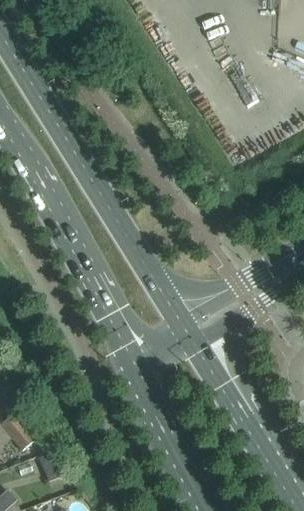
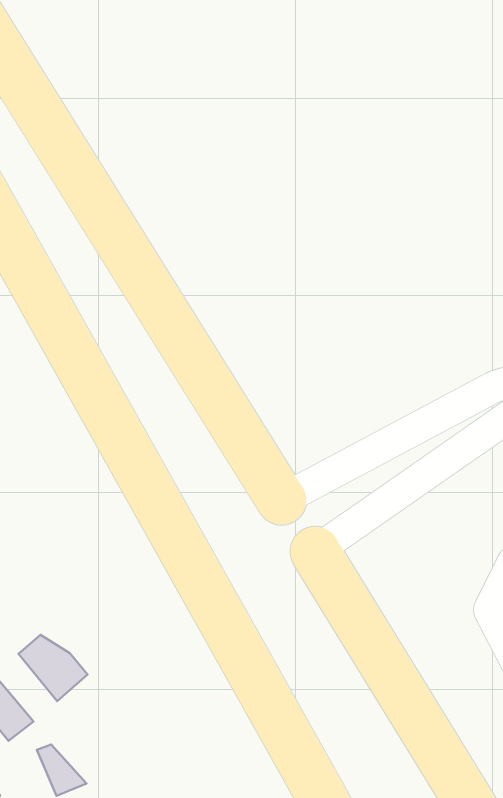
building: none -> [18,635,88,701]

